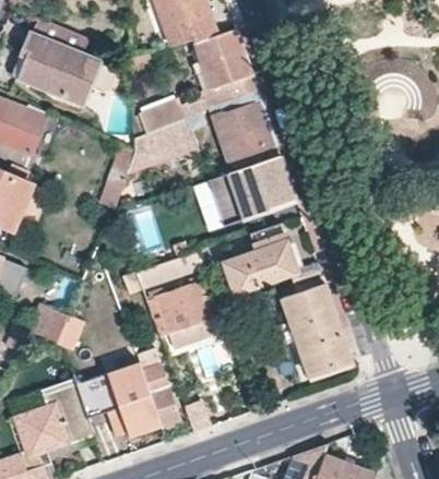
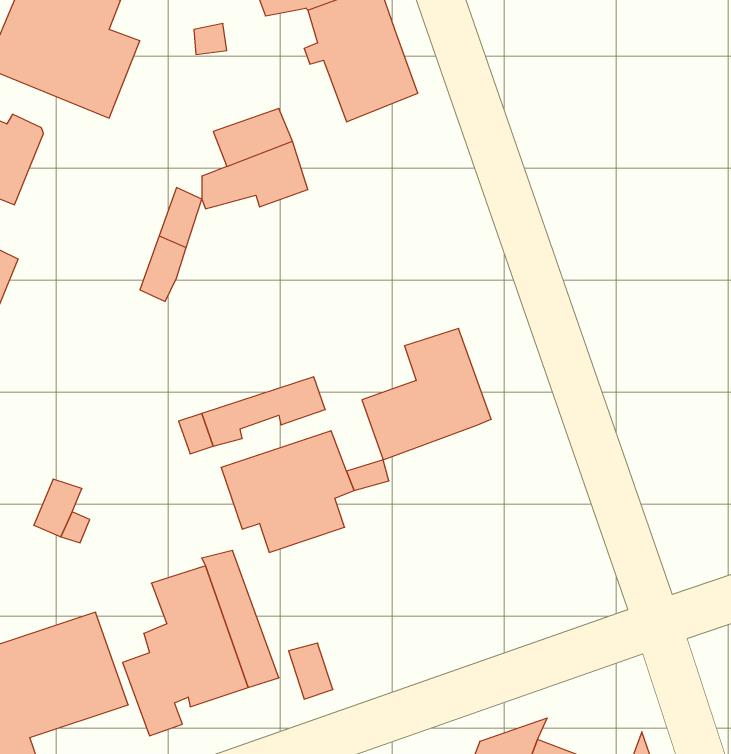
building: [212,91,276,159] -> none
building: [207,156,297,226] -> none
building: [282,267,353,376] -> none

